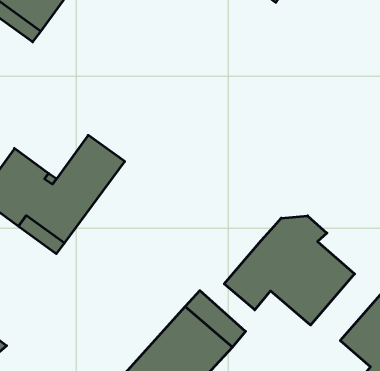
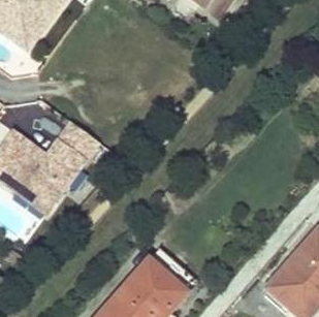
building: [224,216,355,325] -> none

